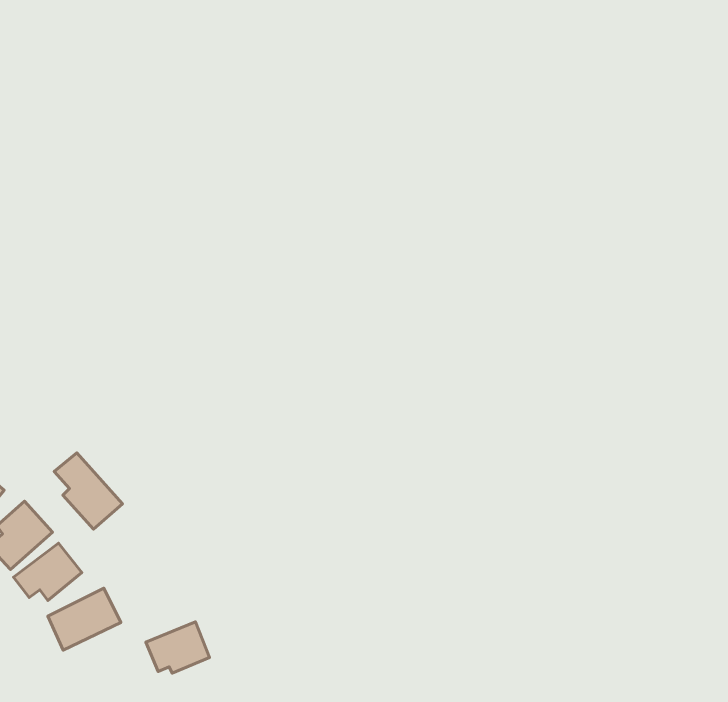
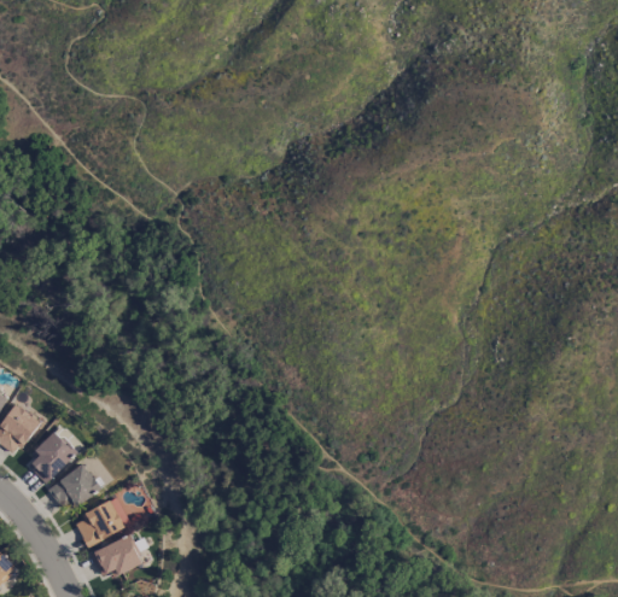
building: [54,453,122,529] -> none
building: [146,622,210,673] -> [94,534,144,574]

